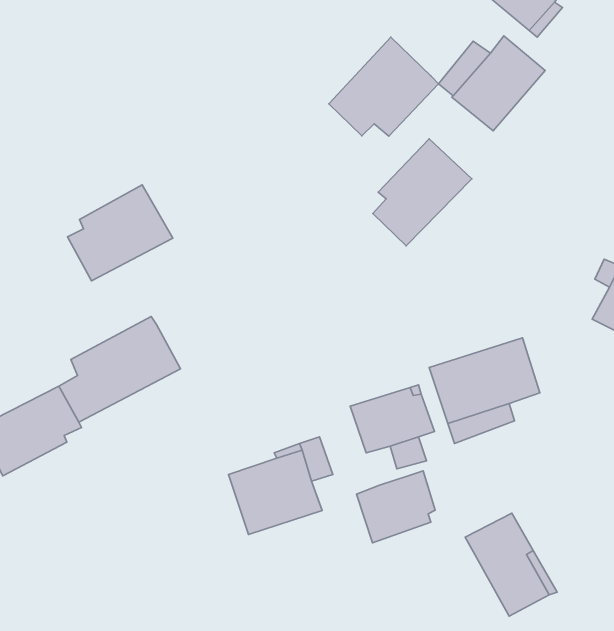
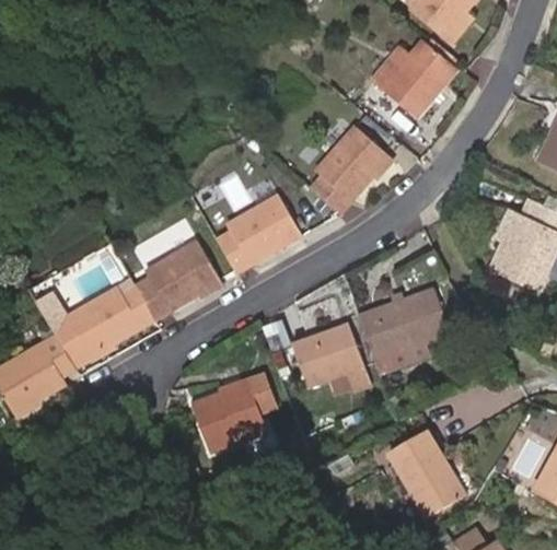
building: [329,37,438,136] -> none
building: [67,185,173,281] -> [136,237,222,316]
building: none -> [218,194,302,271]
building: [357,471,435,543] -> none

